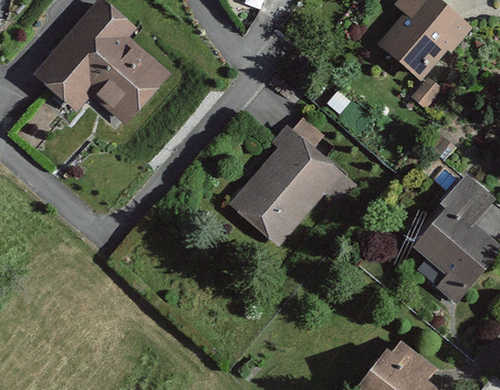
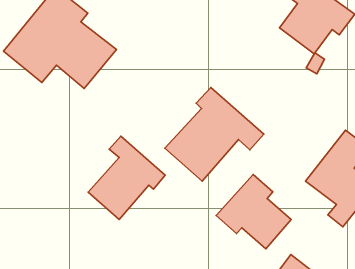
building: none -> [88,136,165,220]
building: none -> [216,175,291,249]

